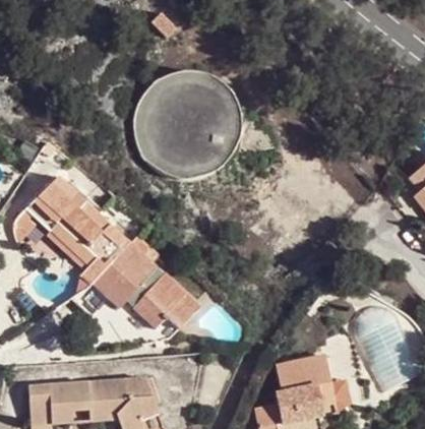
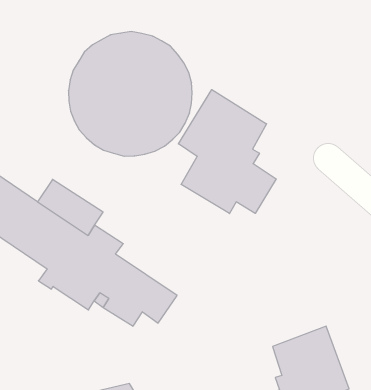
building: none -> [178,90,276,214]

